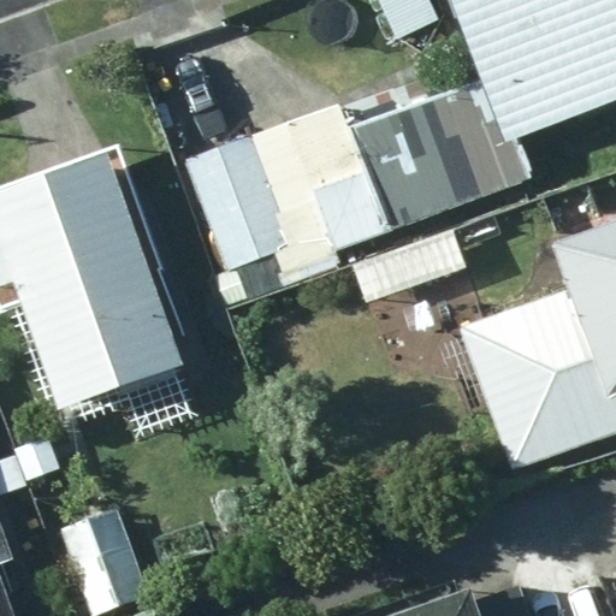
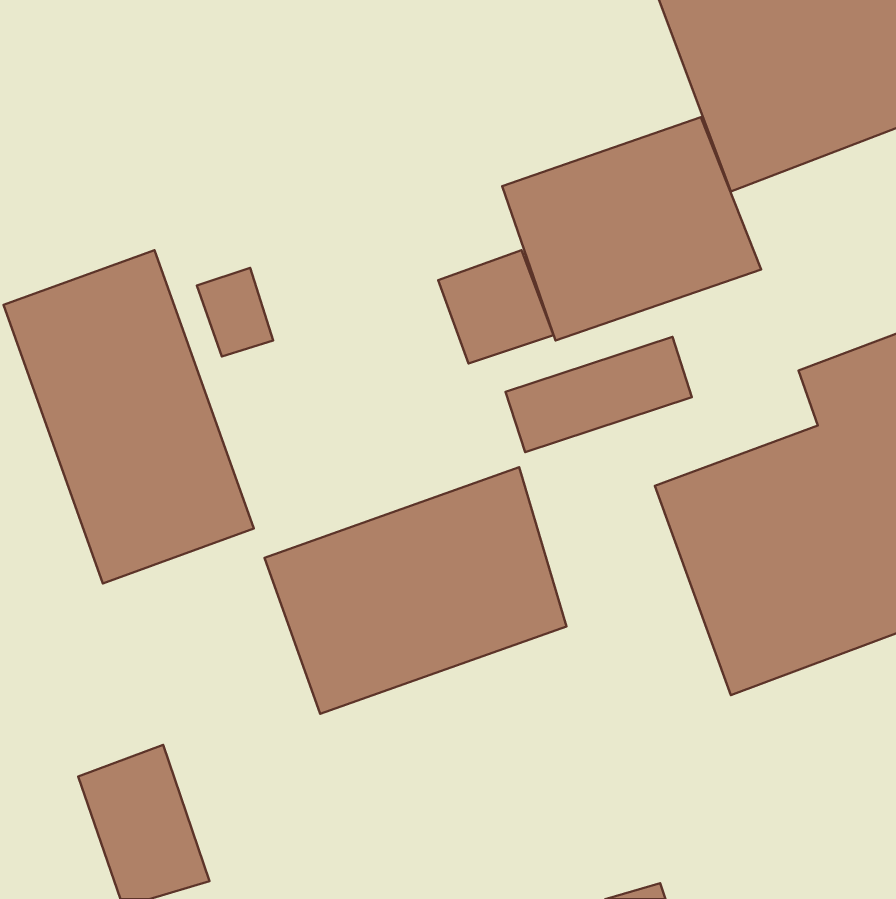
building: [188,136,292,265] -> none
building: none -> [264,467,567,714]

